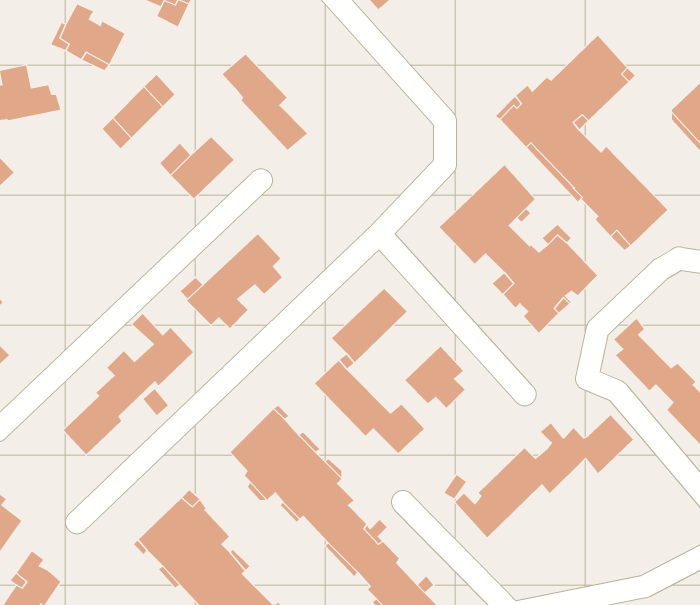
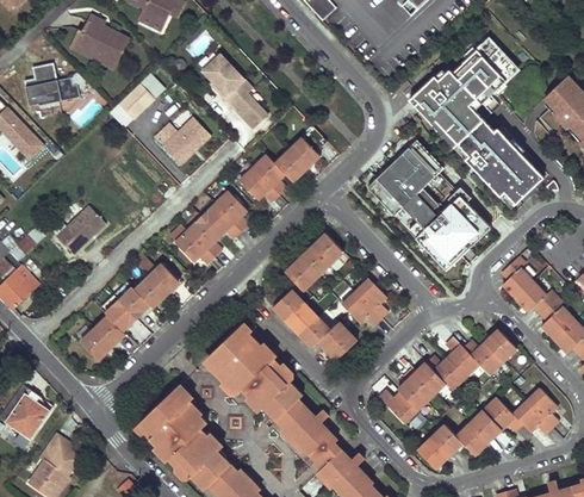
building: none -> [240,137,321,203]
building: none -> [52,210,102,259]
building: none -> [417,389,559,470]

